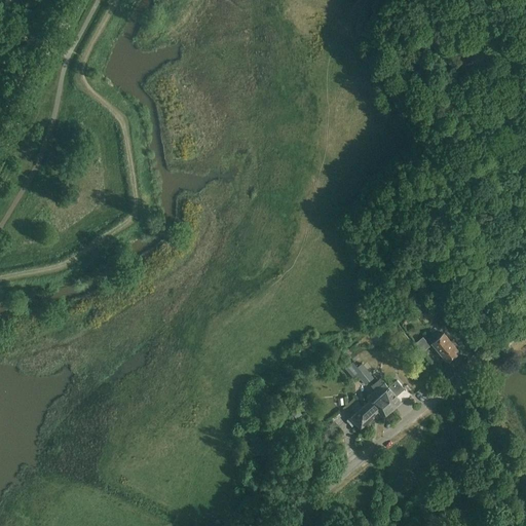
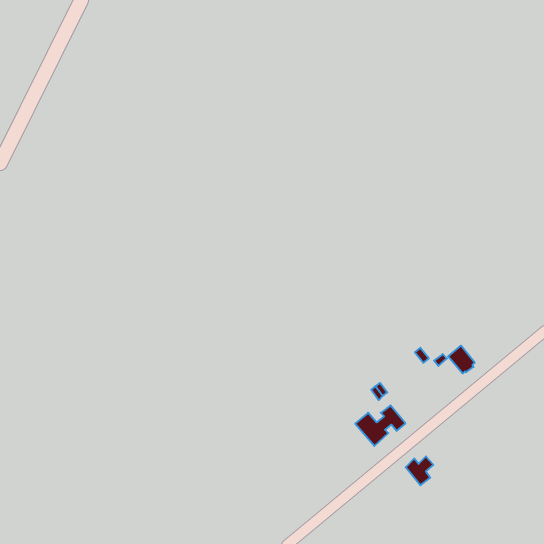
building: [377,381,404,409] -> [406,456,433,485]

